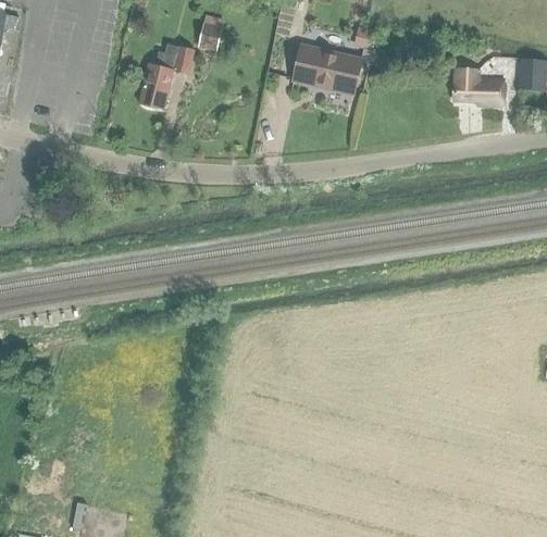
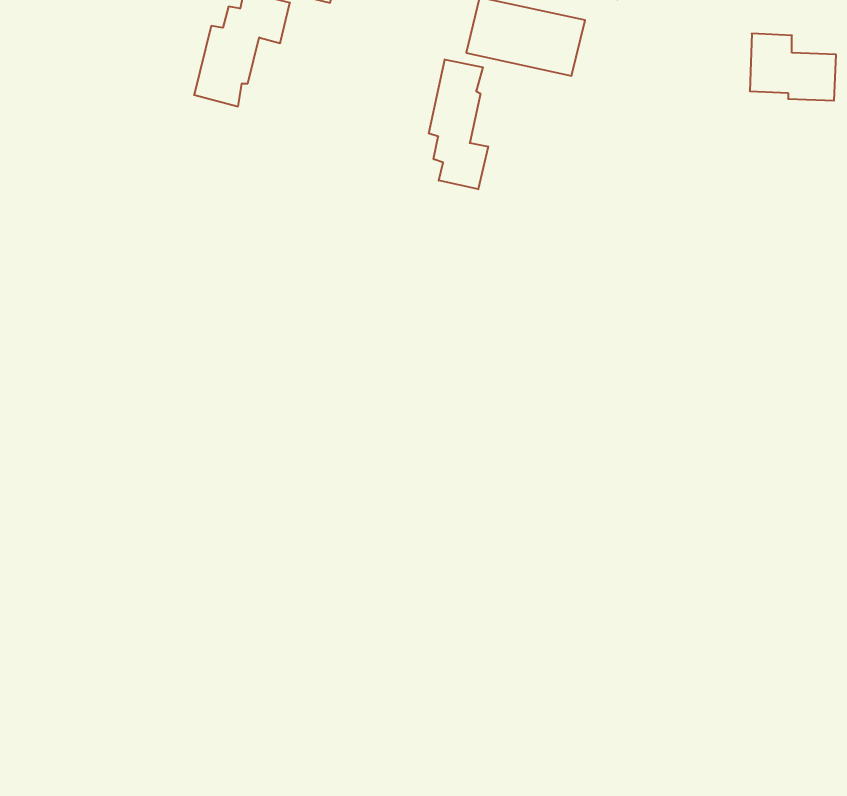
building: none -> [429,59,488,189]

